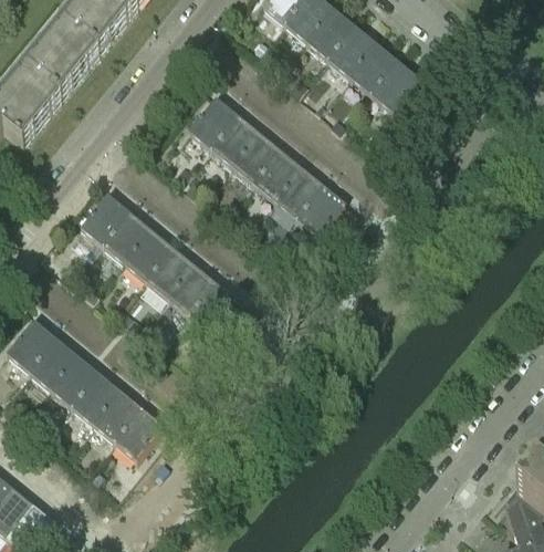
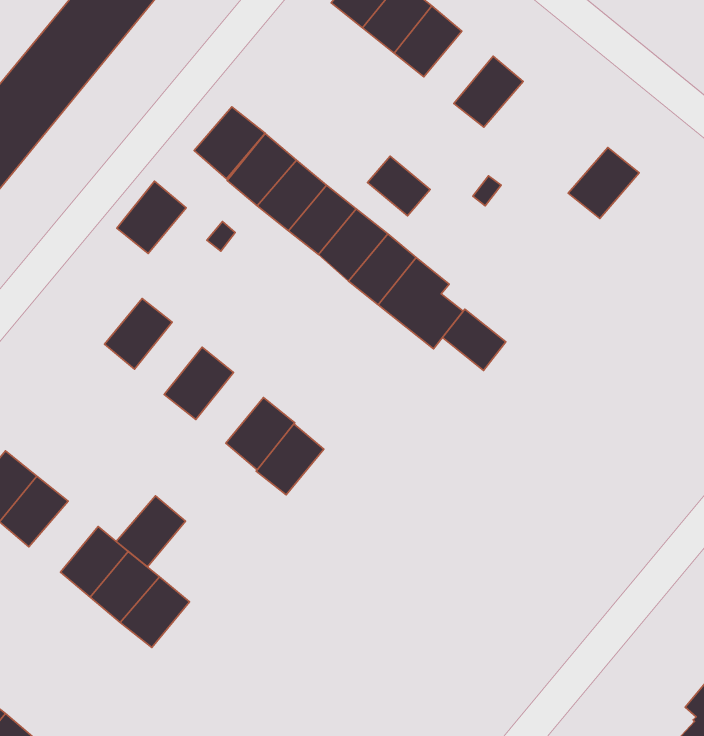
building: [325,24,374,75] -> none
building: [367,60,417,110] -> [568,148,639,218]
building: none -> [194,107,265,179]
building: none -> [367,156,430,216]
building: [79,194,127,244] -> [117,181,186,253]
building: none -> [442,309,506,370]
building: [122,229,169,280] -> none
building: [165,264,212,314] -> [256,424,324,495]
building: [48,355,96,405] -> [116,496,185,567]

